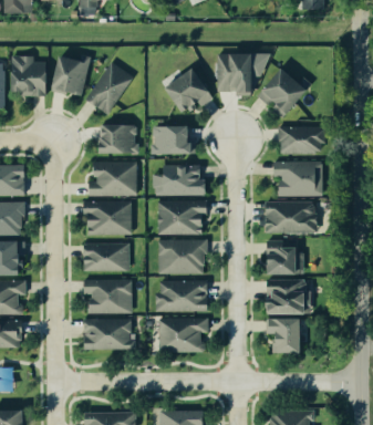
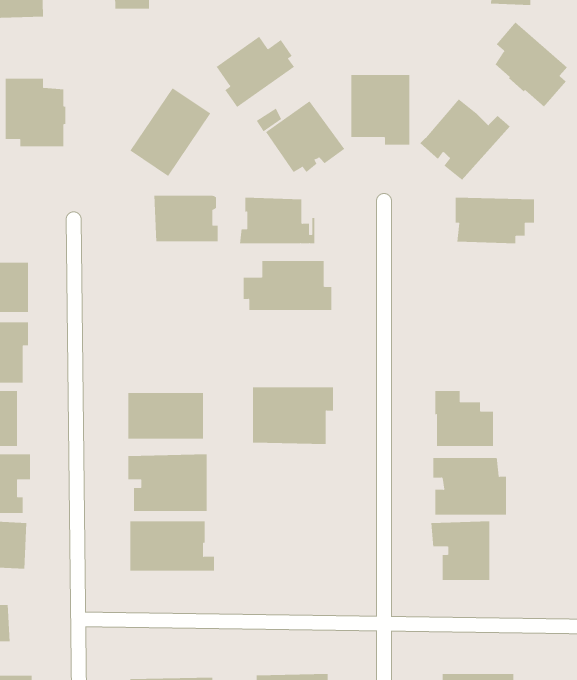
building: none -> [495,22,568,108]
building: none -> [216,36,295,108]
building: [52,54,91,95] -> none
building: [90,162,137,196] -> none
building: [272,162,322,196] -> none
building: [84,200,132,235] -> none
building: [158,200,207,234] -> none
building: [266,204,314,235] -> none
building: [156,280,208,310] -> none
building: [159,318,208,351] -> none

